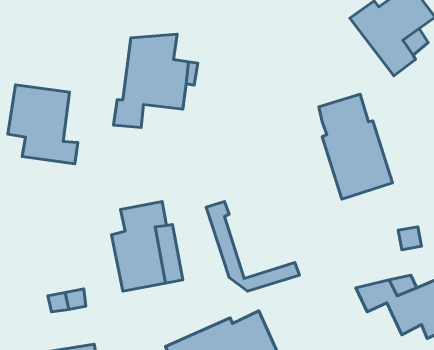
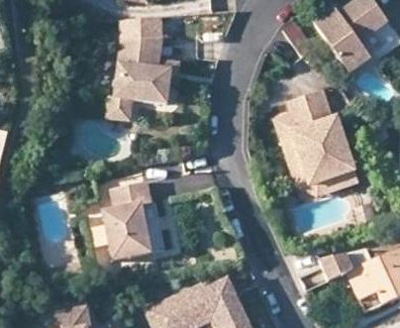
building: none -> [118,14,161,39]
building: [8,85,78,164] -> none
building: [206,201,299,291] -> [272,113,354,192]

